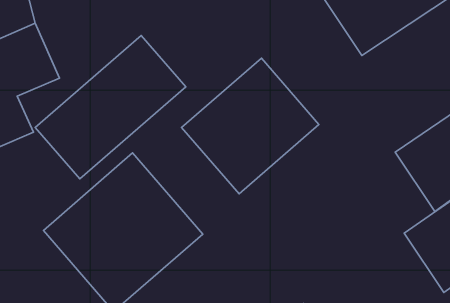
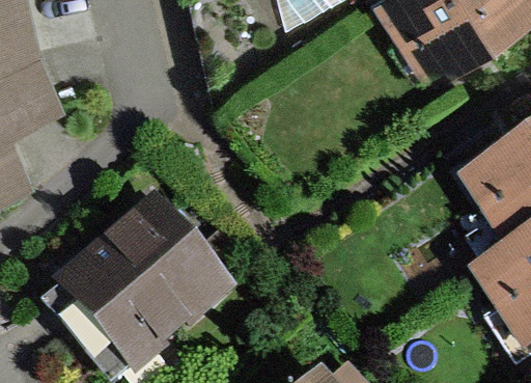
building: [35,35,186,179] -> none
building: [182,58,319,194] -> none

